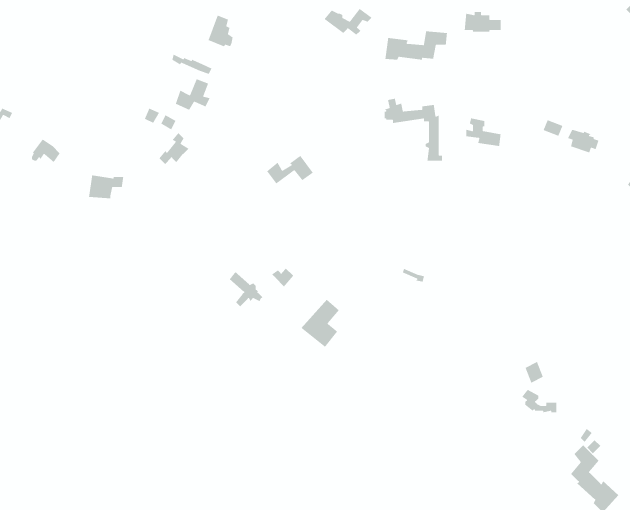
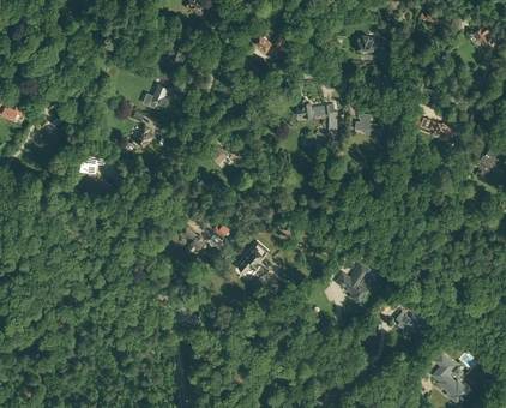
building: [384,31,448,61] -> none
building: none -> [338,262,371,300]

